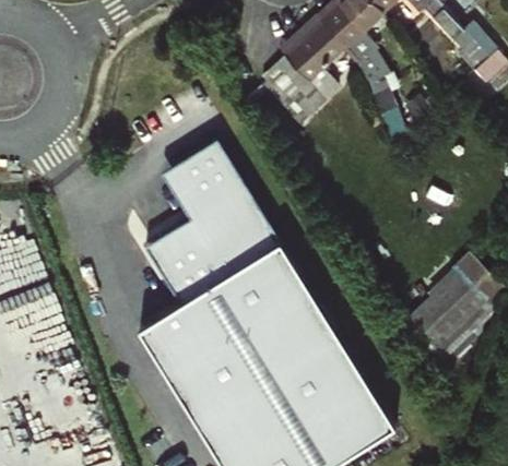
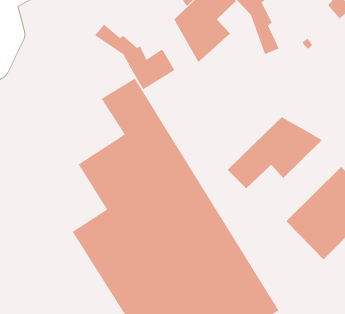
building: none -> [94,24,175,90]
building: none -> [227,117,323,189]

